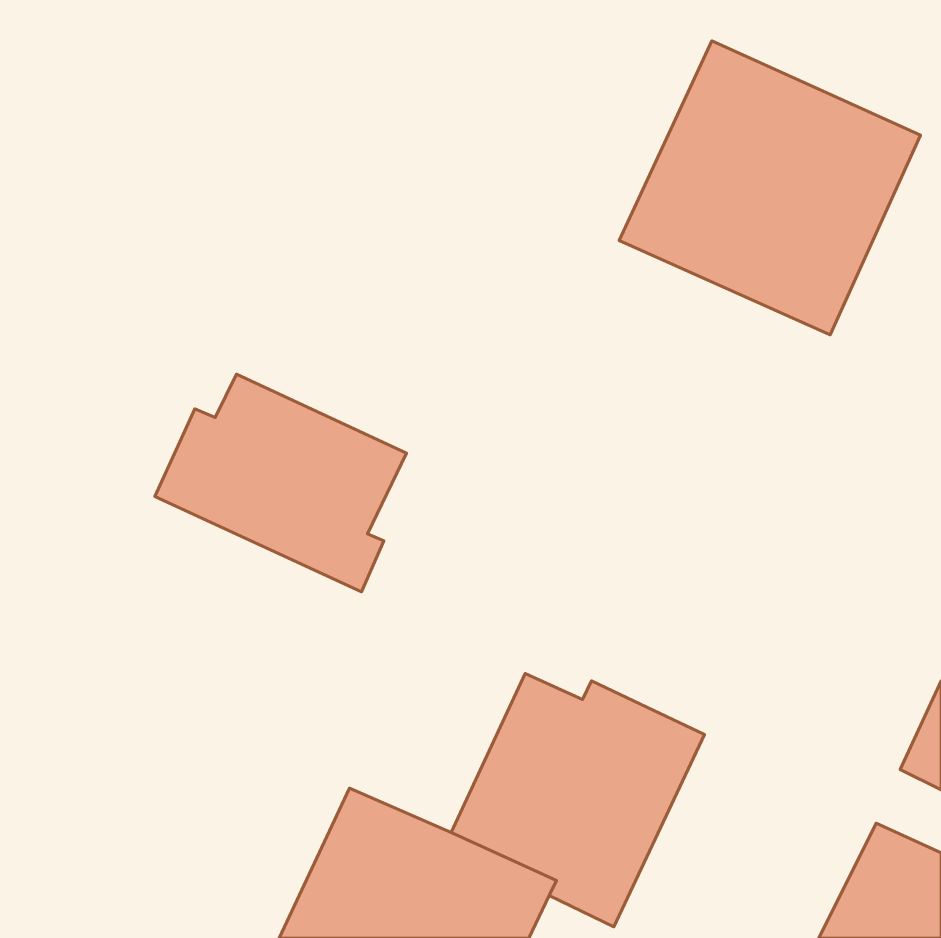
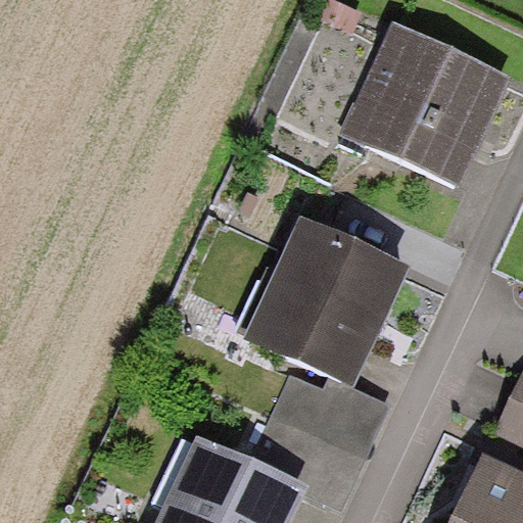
building: [155,374,406,592] -> none
building: none -> [243,219,407,387]

